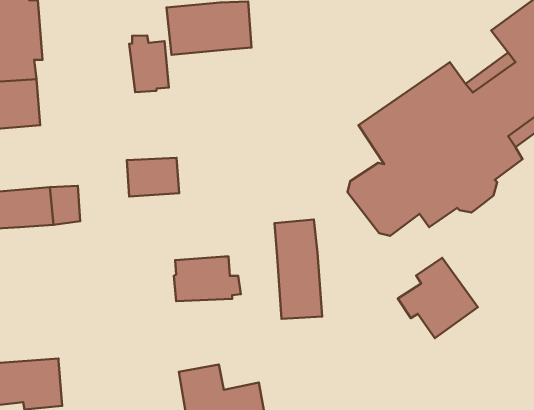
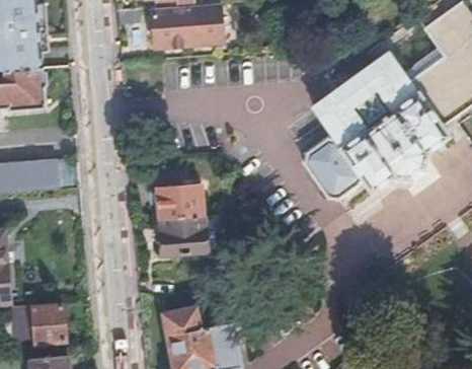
building: [129,36,169,92] -> none
building: [127,158,179,197] -> [156,188,200,220]
building: [275,220,322,319] -> none
building: [398,258,478,338] -> none

